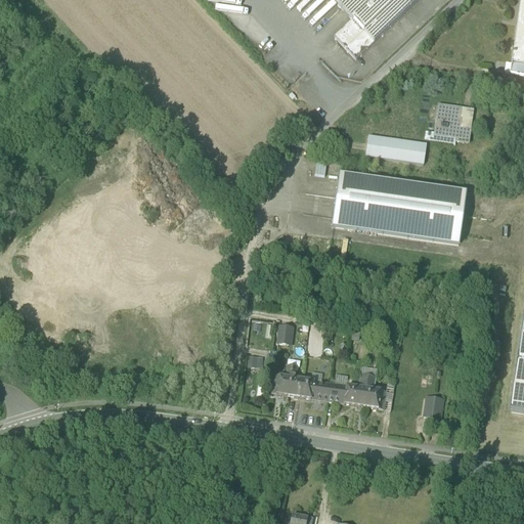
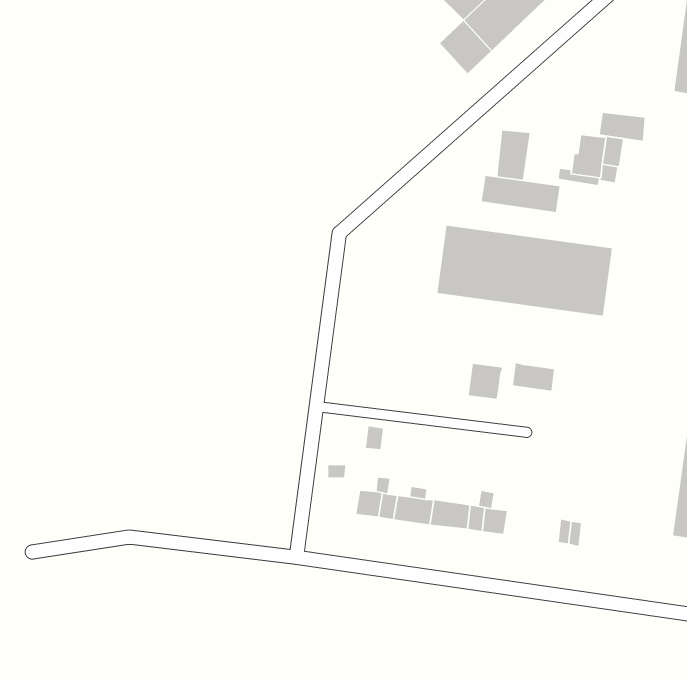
building: none -> [599,112,645,141]
building: none -> [496,130,531,181]
building: none -> [512,362,555,391]
building: none -> [468,363,503,400]

